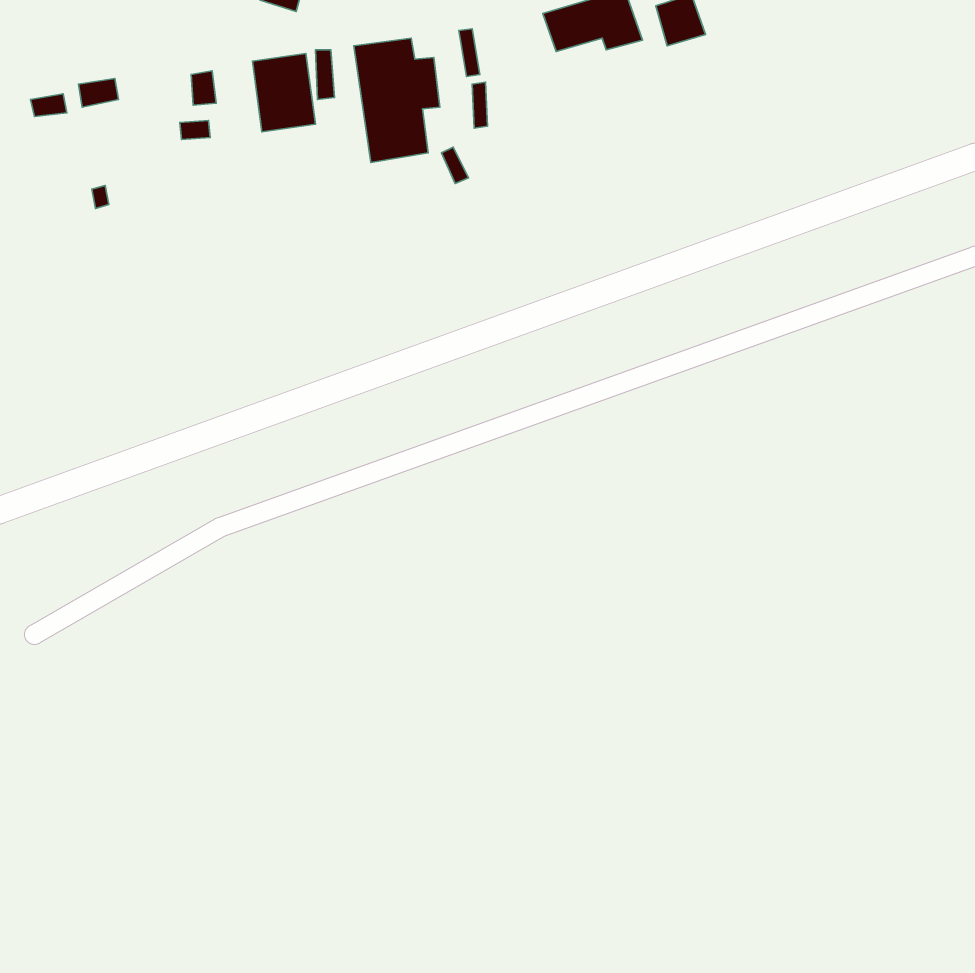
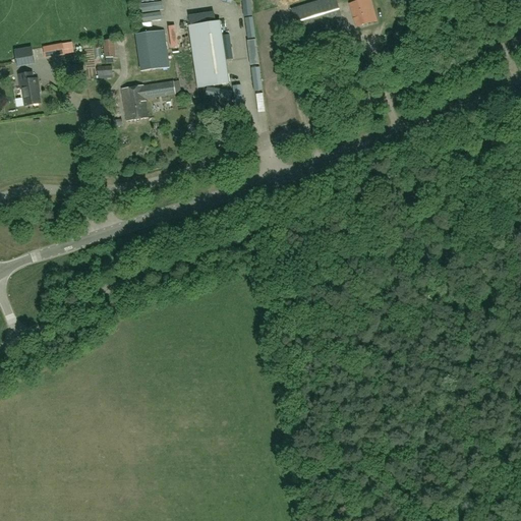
building: none -> [18,71,40,104]
building: none -> [121,79,175,120]

